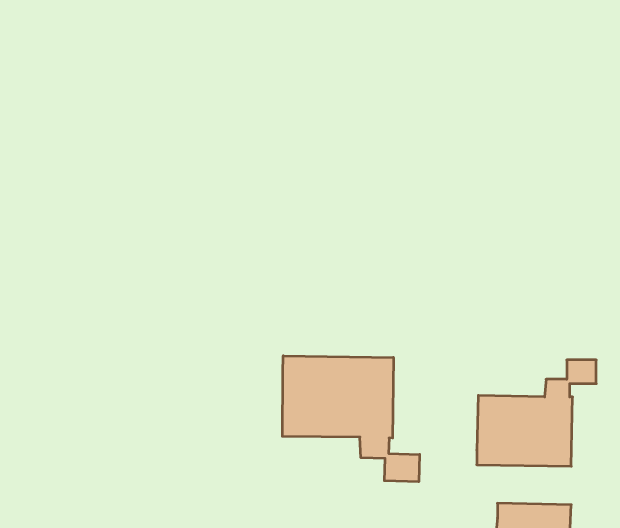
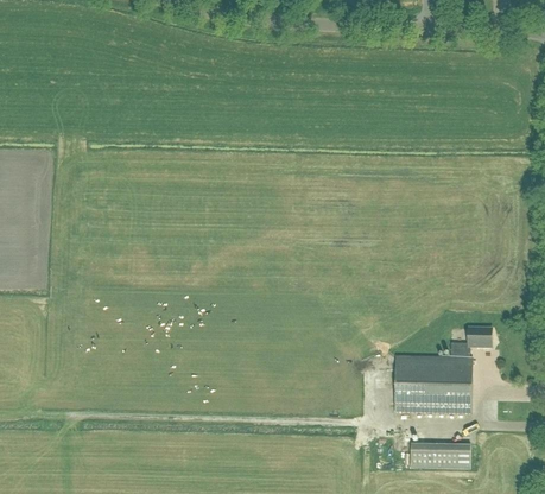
building: [282,356,420,482] -> none

